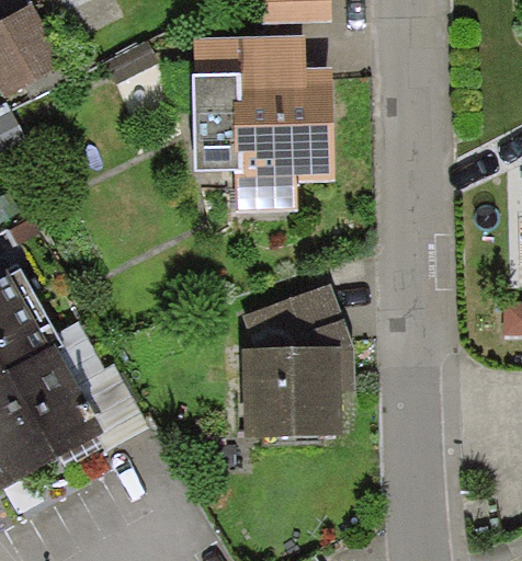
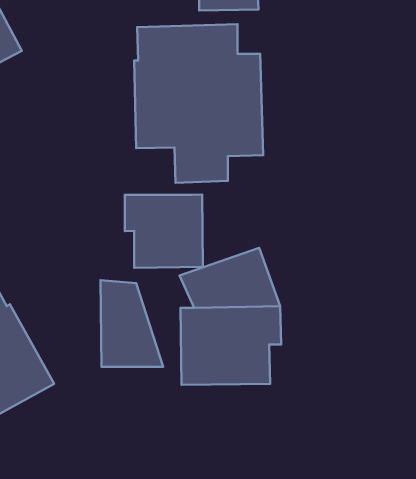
building: none -> [125,195,203,268]
building: none -> [101,280,163,367]

